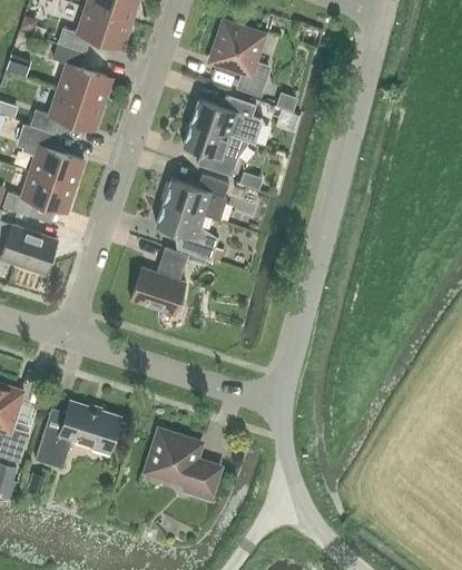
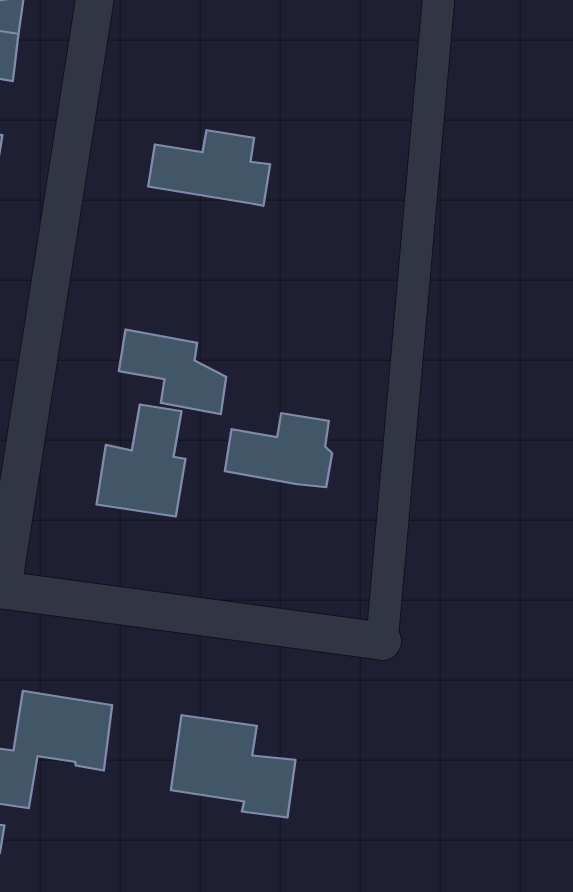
building: [210,23,267,94] -> none
building: [183,122,249,176] -> none
building: [164,175,228,222] -> [225,413,332,487]

